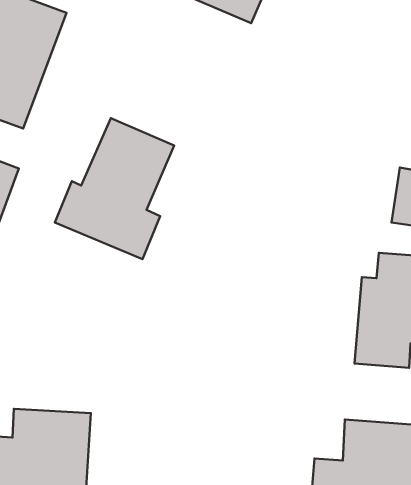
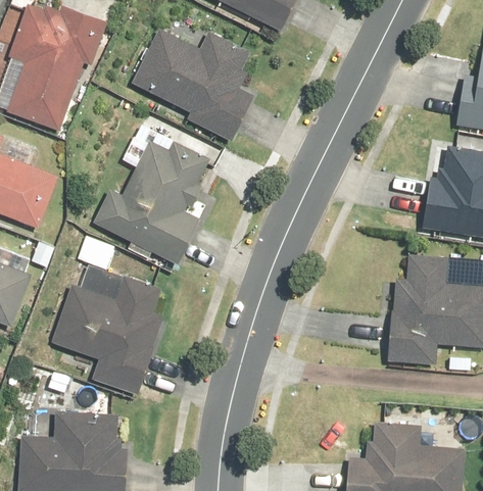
building: none -> [130,24,256,143]
building: none -> [48,261,167,400]

